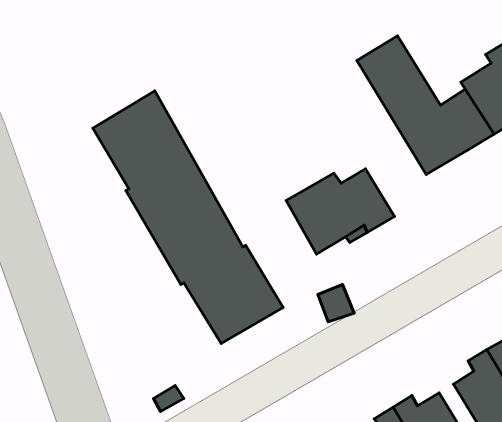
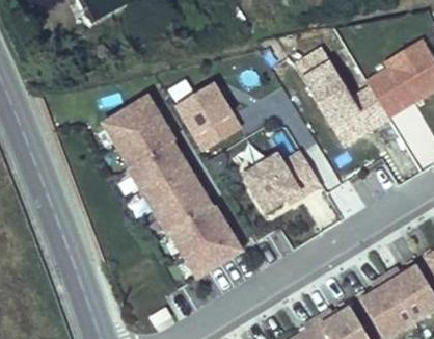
building: none -> [173,77,239,146]

